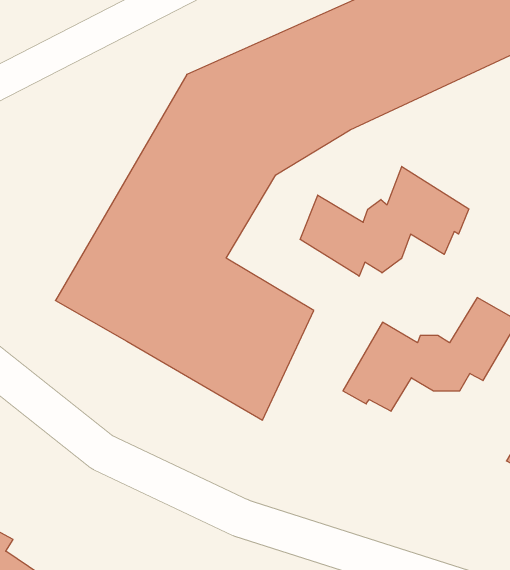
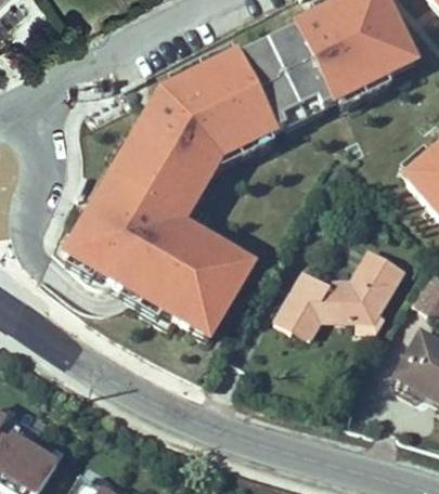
building: [300,166,469,276] -> none

